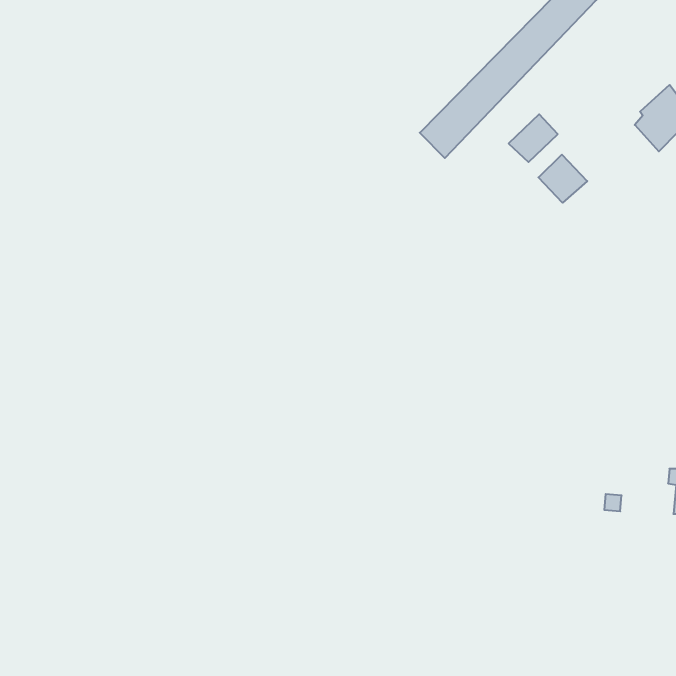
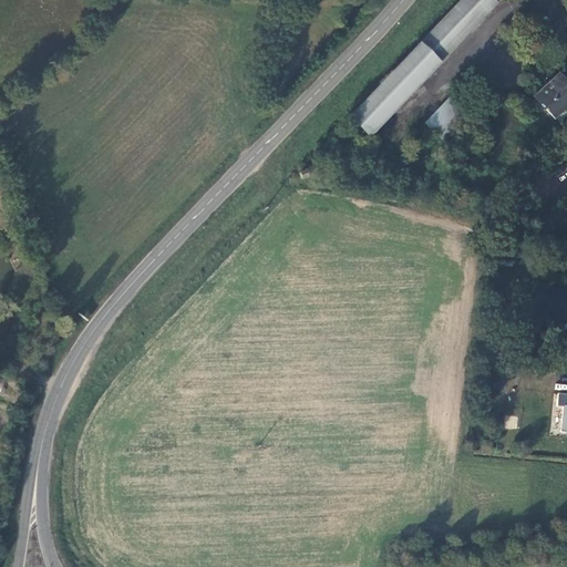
building: [538,155,587,203] -> none

